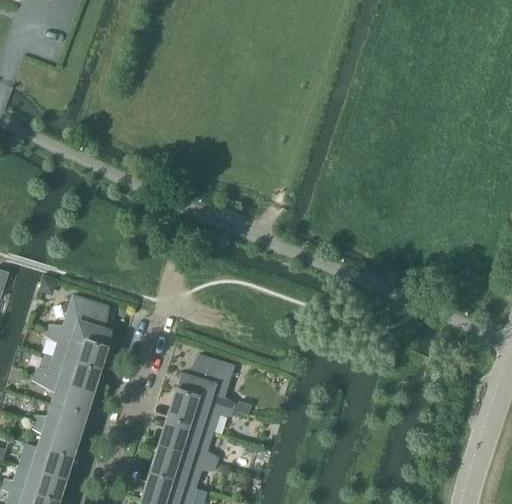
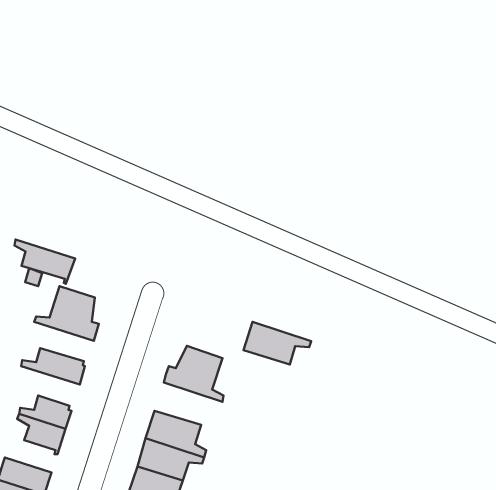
building: [47,331,107,375] -> [14,239,75,284]
building: [33,375,93,419] -> none
building: [167,391,234,433] -> [243,322,311,364]
building: [19,444,71,480] -> none

